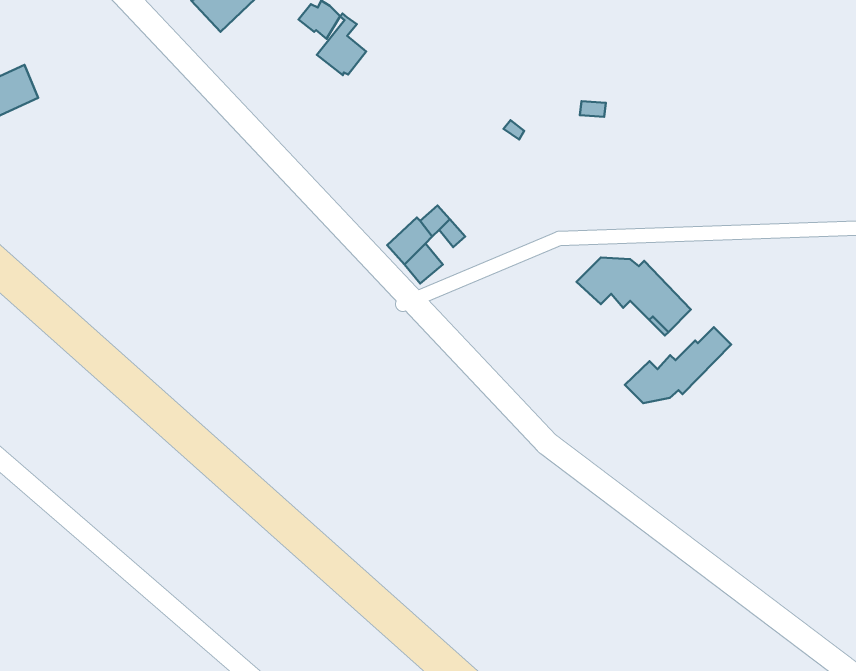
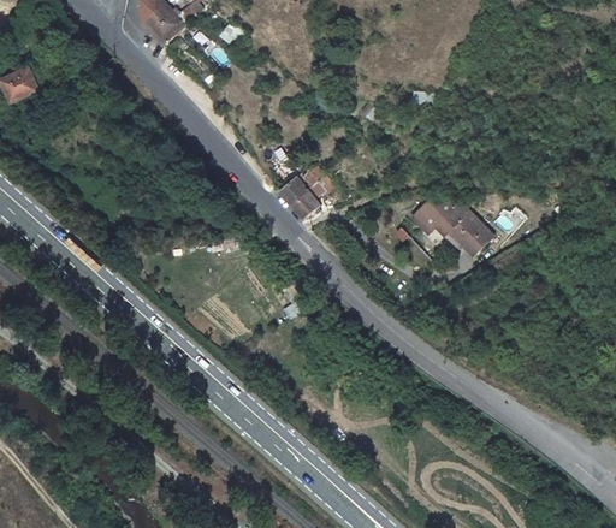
building: [317,14,366,75] -> none
building: [625,327,731,403] -> none

